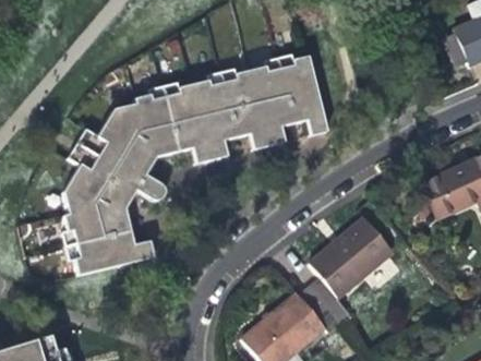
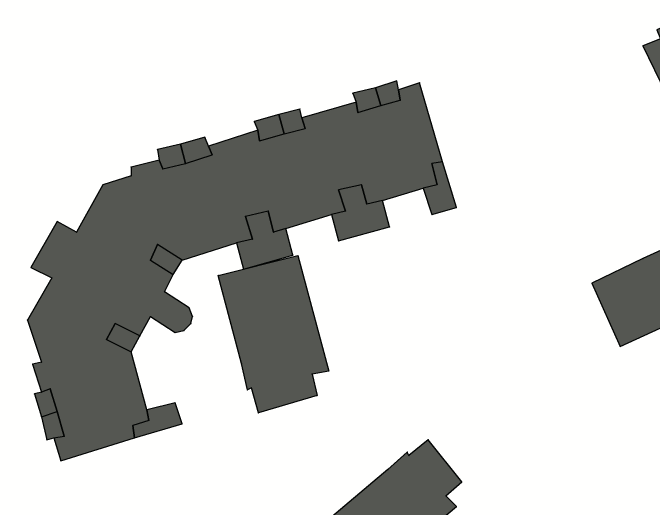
building: none -> [218,256,329,413]
building: [312,207,397,315] -> none

